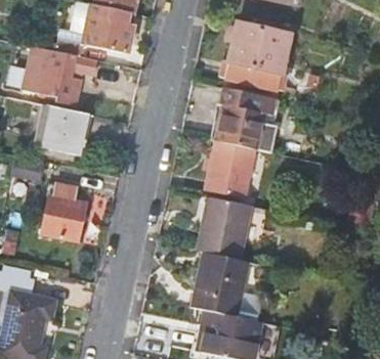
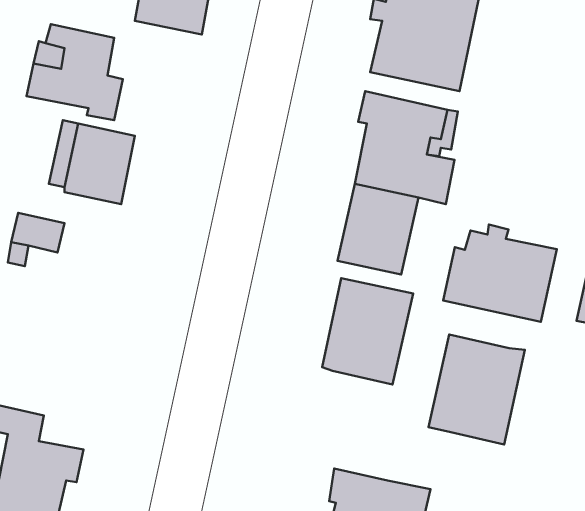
building: none -> [443,224,557,322]
building: [43,184,84,239] -> none
building: [192,253,249,318] -> [429,335,525,444]

